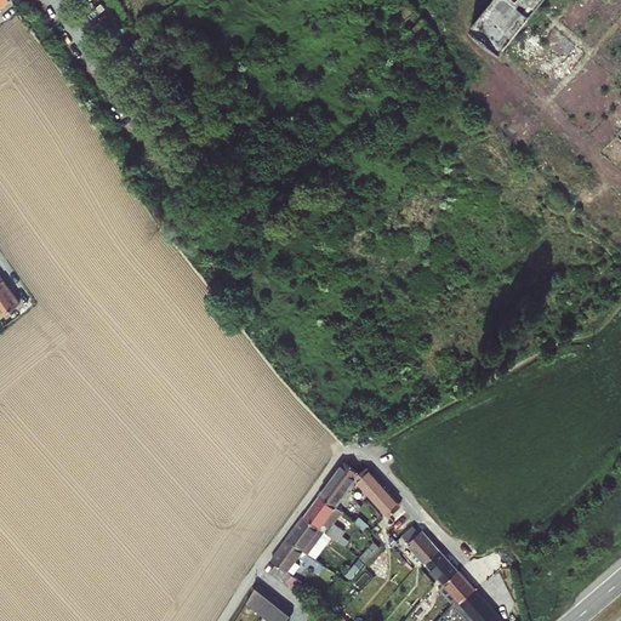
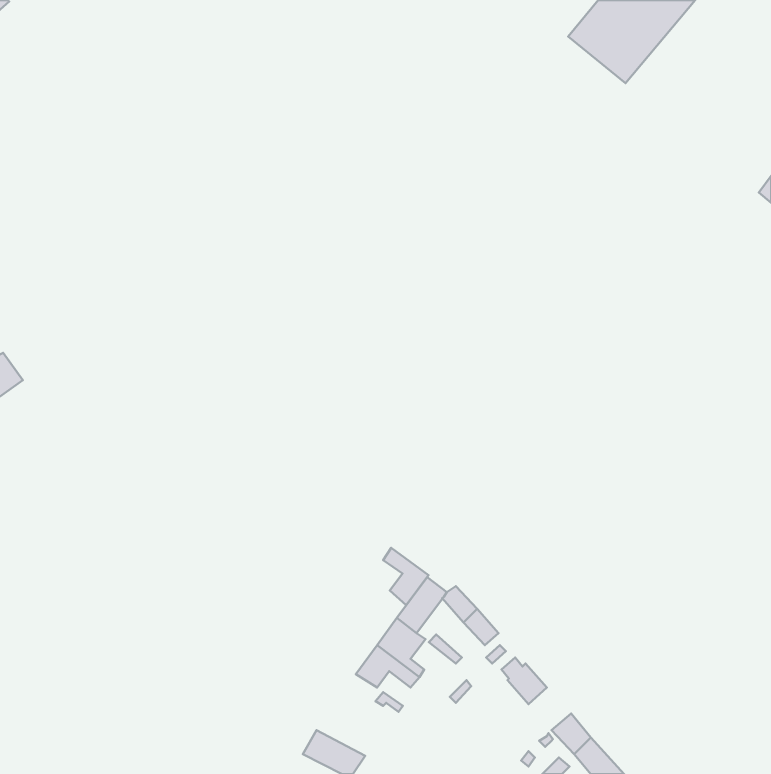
building: none -> [383,548,429,605]
building: [269,540,302,591] -> none
building: [423,551,457,585] -> none

